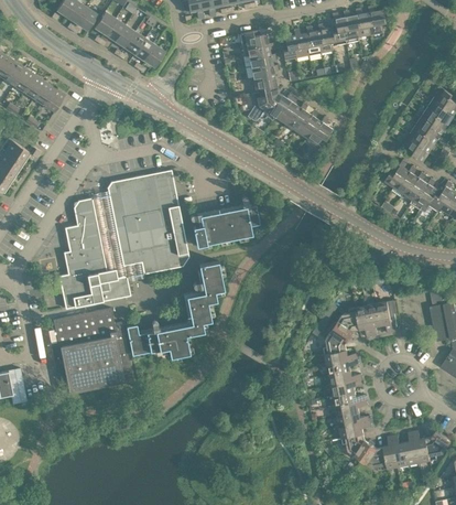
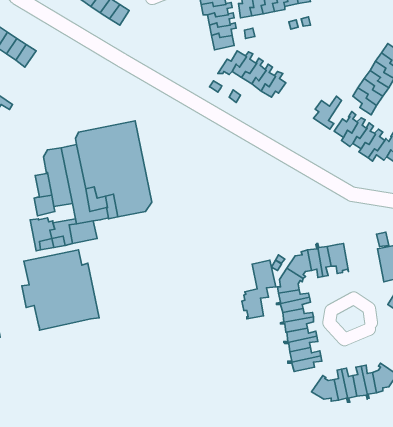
building: [248,89,281,121] -> none
building: none -> [314,96,341,129]
building: [193,205,260,247] -> none
building: [67,258,108,279] -> none
building: [188,261,225,324] -> [242,260,276,319]
building: [127,325,192,357] -> none
building: [341,433,372,460] -> none

